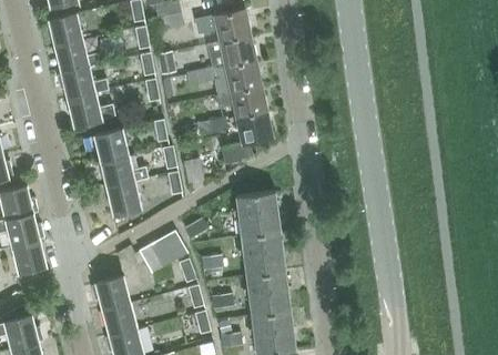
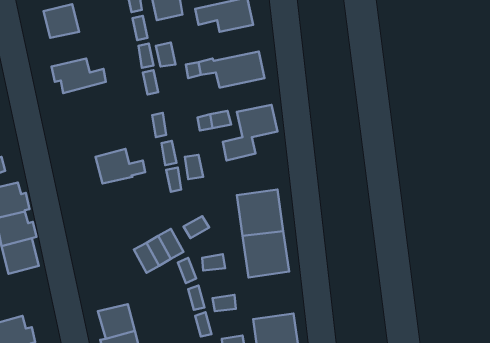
building: [207,34,256,69] -> none
building: [57,41,104,73] -> none
building: [216,85,268,118] -> none
building: [69,92,116,126] -> none
building: [89,126,129,161] -> none
building: [106,180,141,221] -> none
building: [246,271,289,316] -> none
building: [91,275,131,308] -> none

